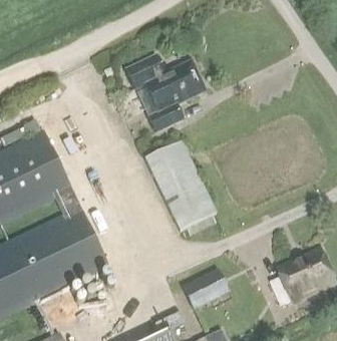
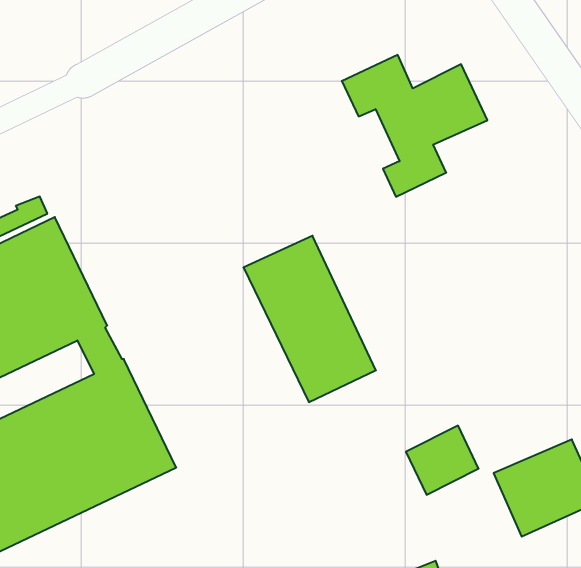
building: [125,55,204,131] -> [342,55,487,197]
building: [181,270,220,307] -> [406,426,479,495]

